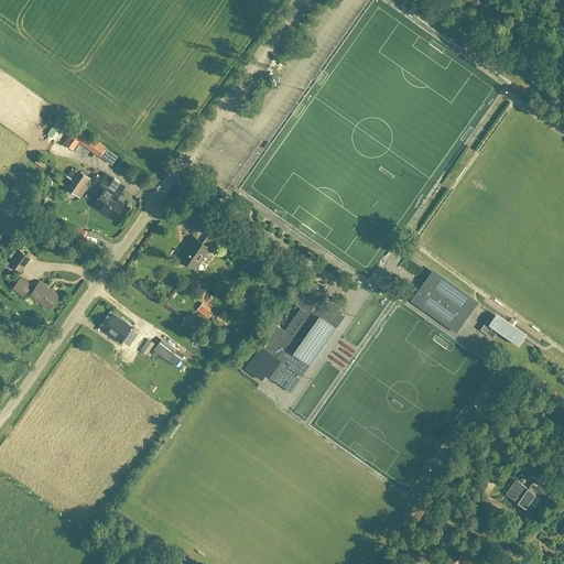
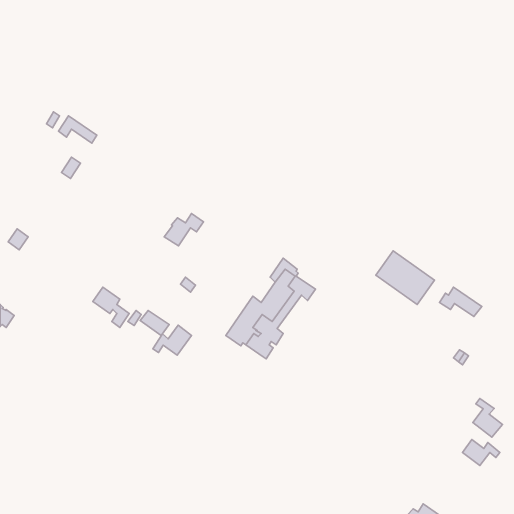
building: [94,177,127,221] -> none
building: [14,279,61,312] -> none
building: none -> [153,325,191,355]
building: none -> [473,398,502,437]

